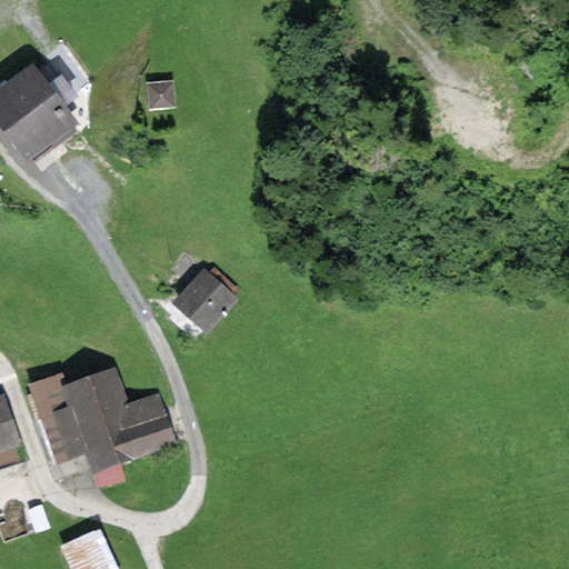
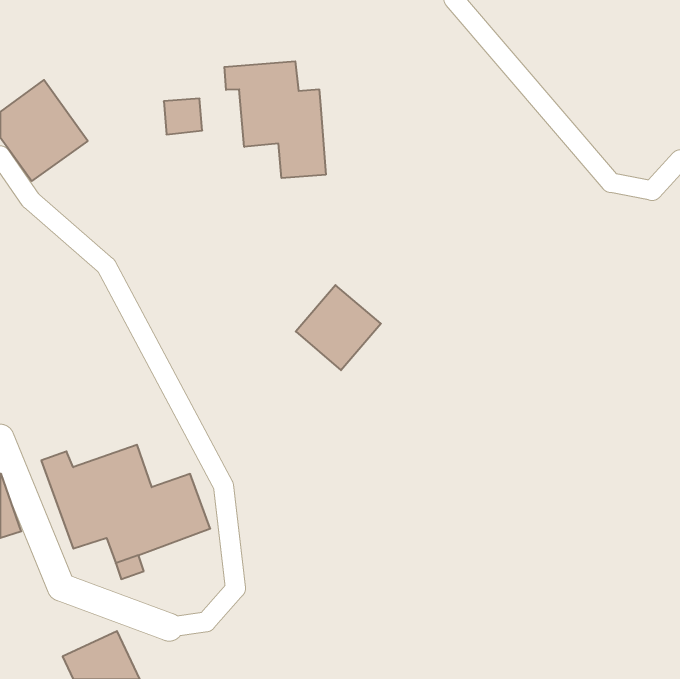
building: none -> [224,61,326,178]
building: [161,264,232,336] -> [296,285,381,370]

